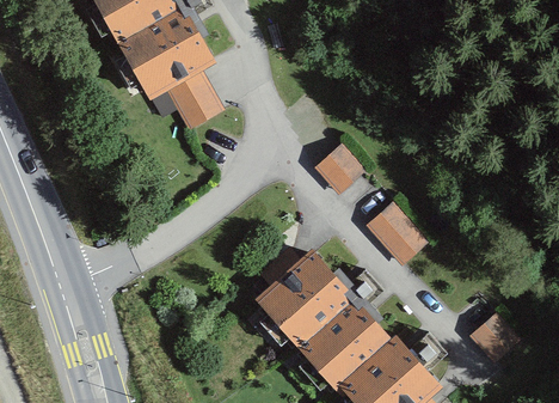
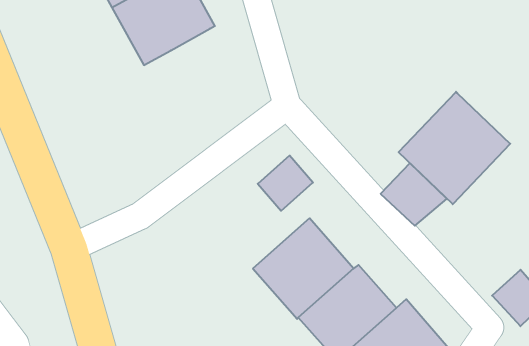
building: [167,67,227,128] -> none
building: none -> [399,92,510,204]
building: [315,138,369,191] -> [258,156,313,211]

